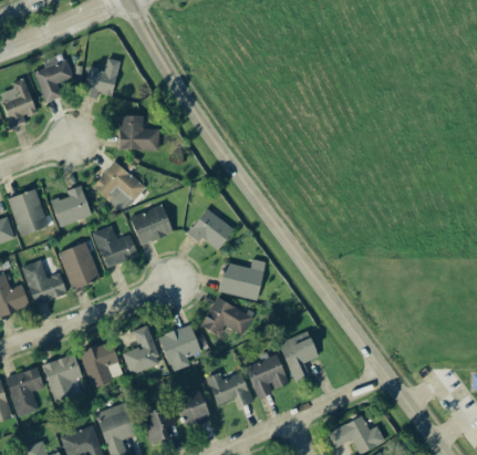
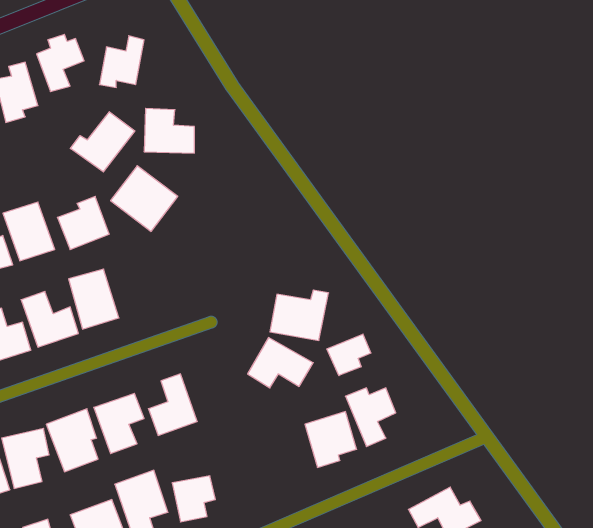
building: none -> [70,112,135,172]
building: [129,204,174,246] -> none
building: [188,208,235,249] -> none
building: [94,226,138,268] -> none
building: none -> [327,334,371,376]
building: [158,324,201,364] -> none
building: [207,372,253,407] -> none
building: [178,400,211,428] -> none

